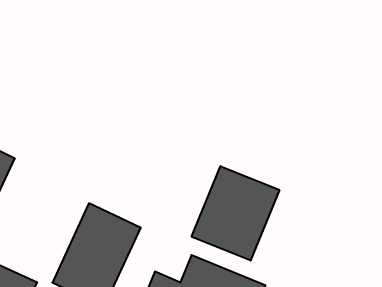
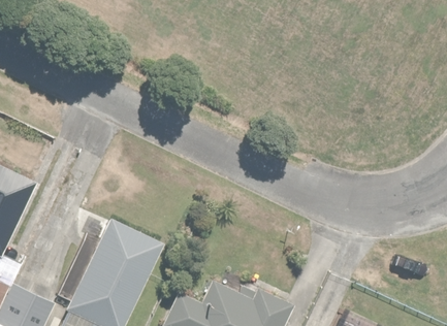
building: [192,166,279,261] -> none

